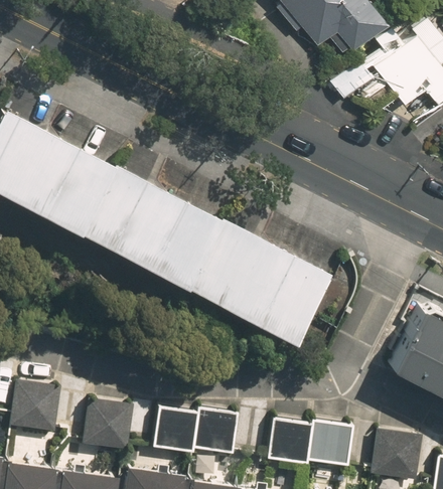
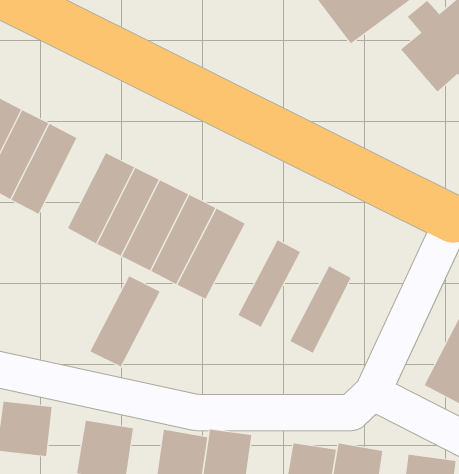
building: [47,148,107,228] -> none
building: [196,224,260,306] -> [89,276,161,367]
building: [246,250,306,329] -> none

